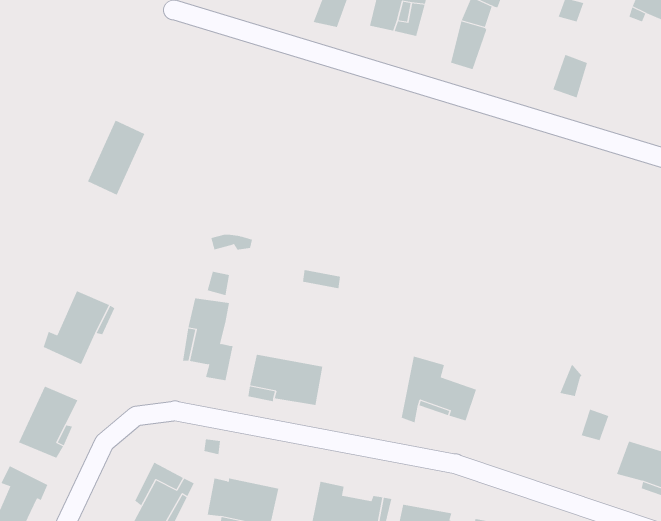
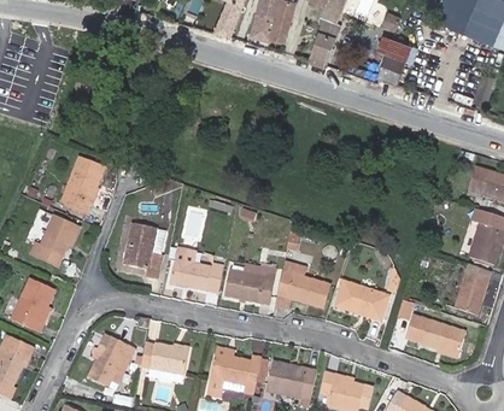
building: none -> [376,34,412,60]
building: [87,120,145,196] -> [64,162,104,213]
building: none -> [224,262,277,304]
building: none -> [338,283,387,323]

